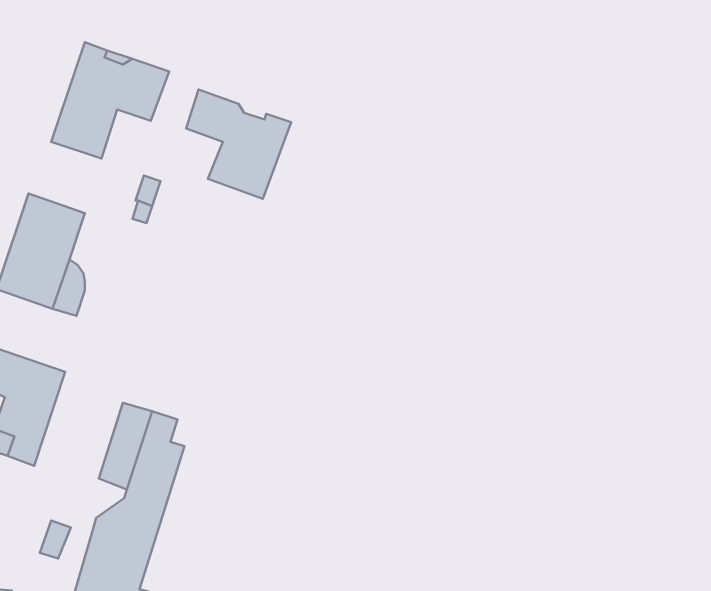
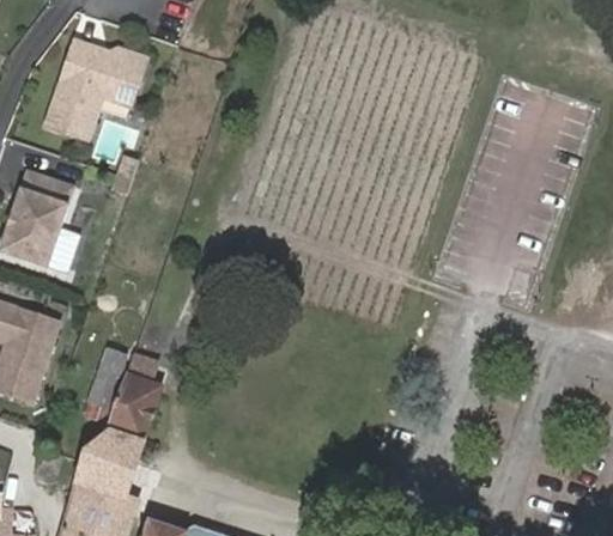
building: [186,90,291,199] -> none

